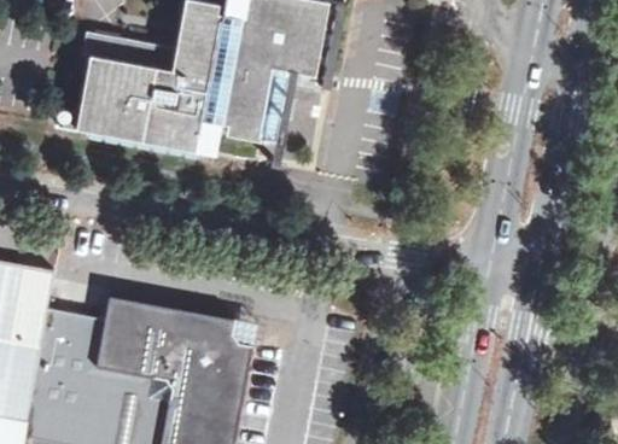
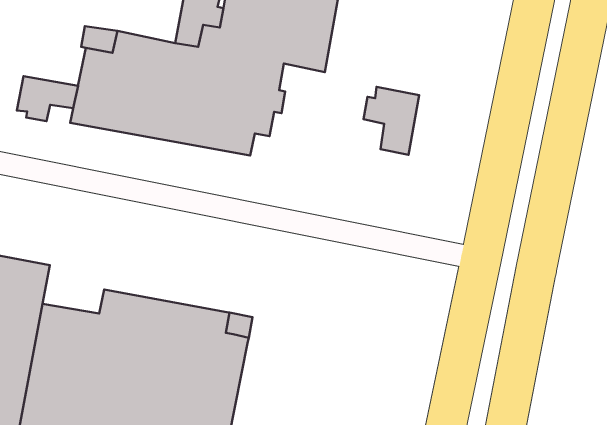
building: none -> [17,76,78,121]
building: none -> [364,87,419,155]

